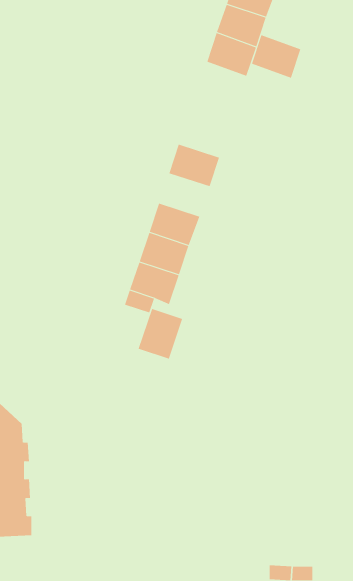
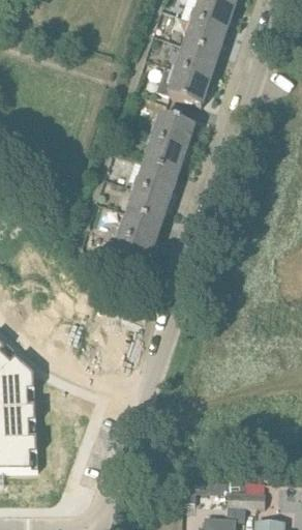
building: [251,34,301,79] -> [168,64,210,101]
building: none -> [152,109,195,145]
building: none -> [135,158,179,195]
building: [138,308,183,360] -> none

